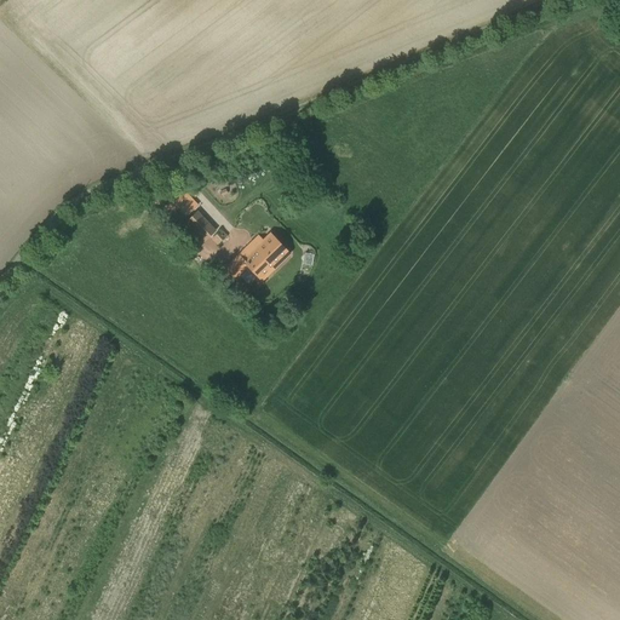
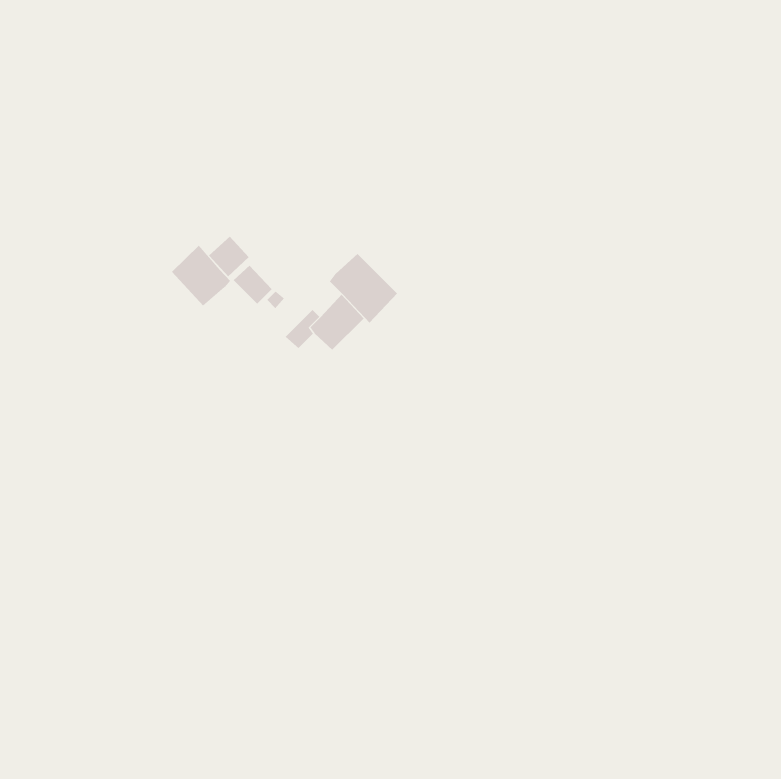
building: none -> [171,245,231,306]
building: none -> [329,253,398,324]

